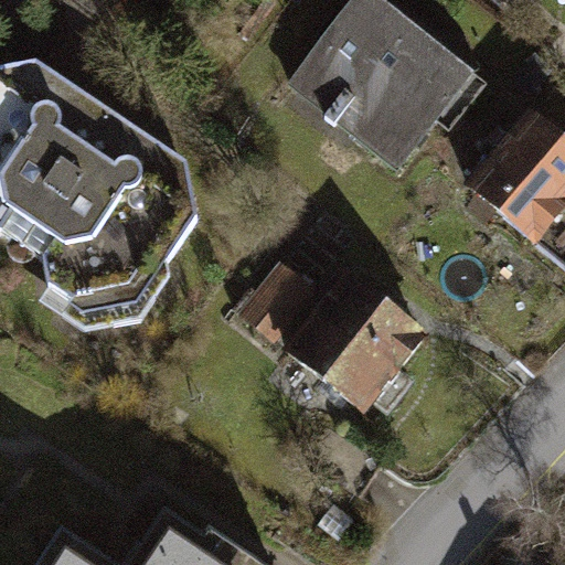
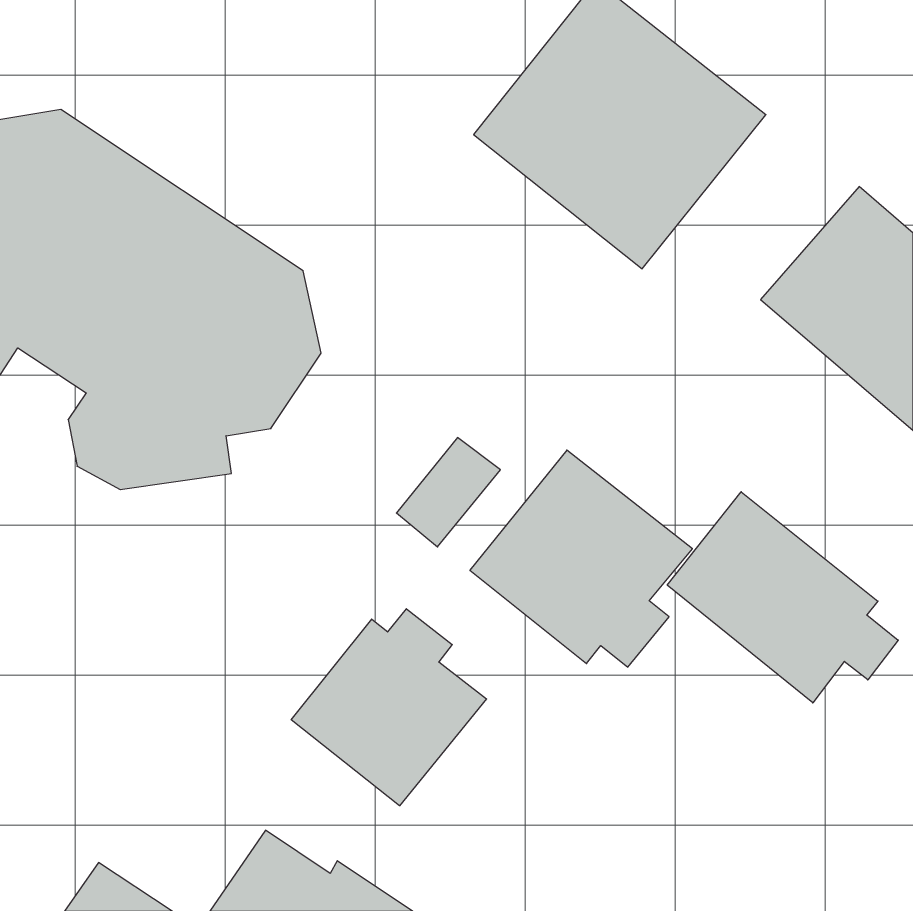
building: none -> [667,492,898,703]
building: none -> [291,609,487,806]

